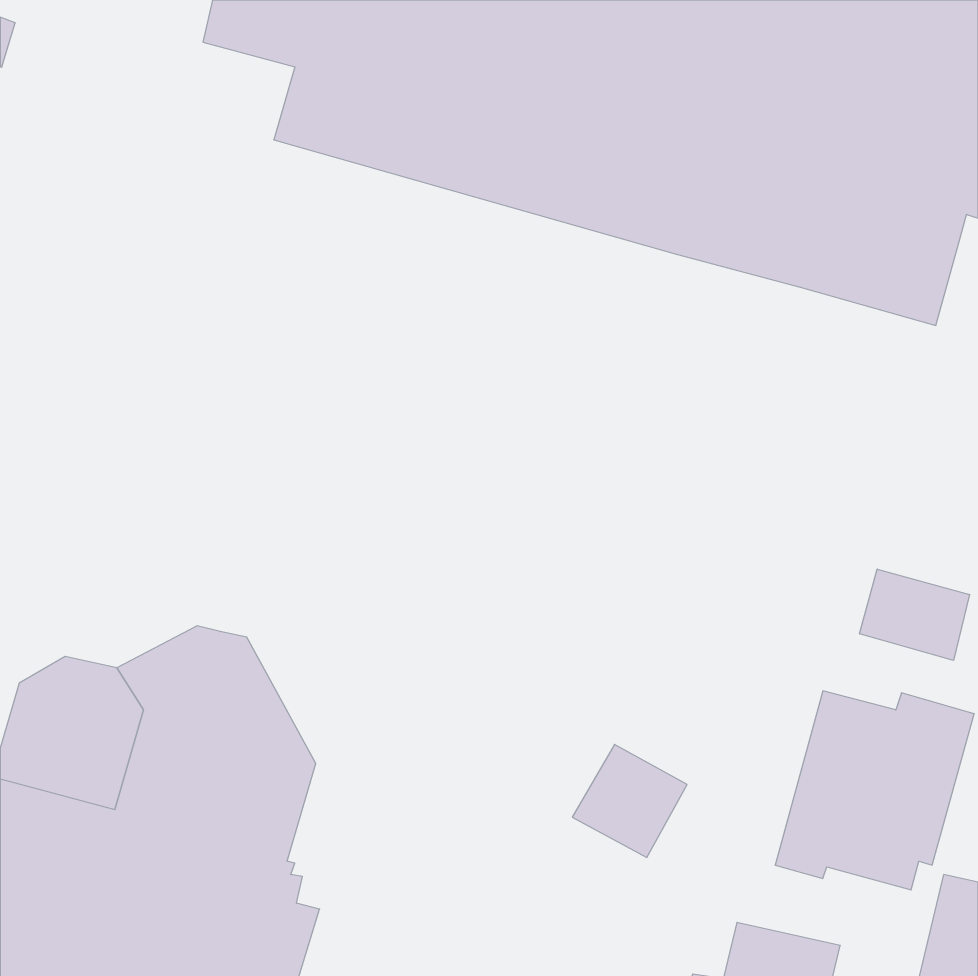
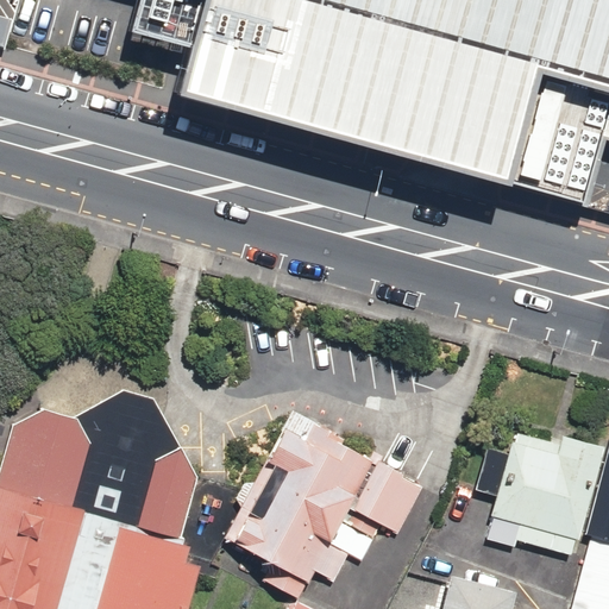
building: [860,569,970,660] -> none
building: none -> [224,408,382,603]

